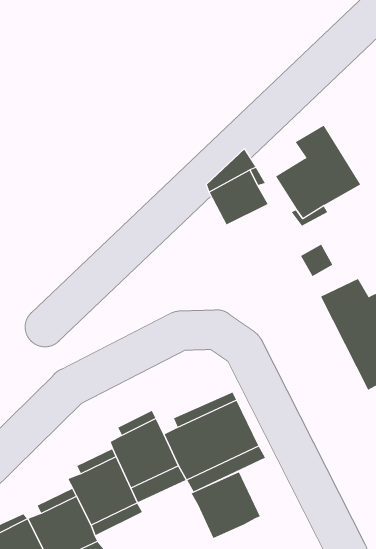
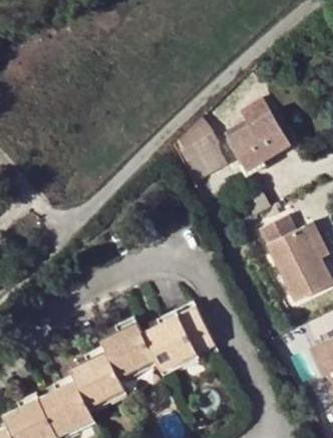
building: [191,472,260,539] -> none

